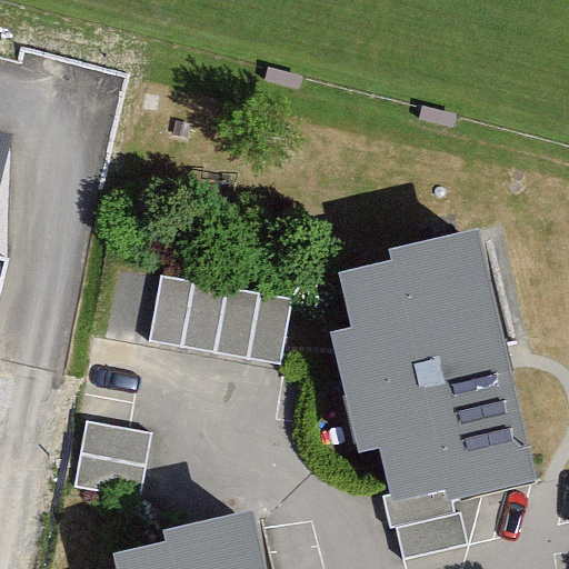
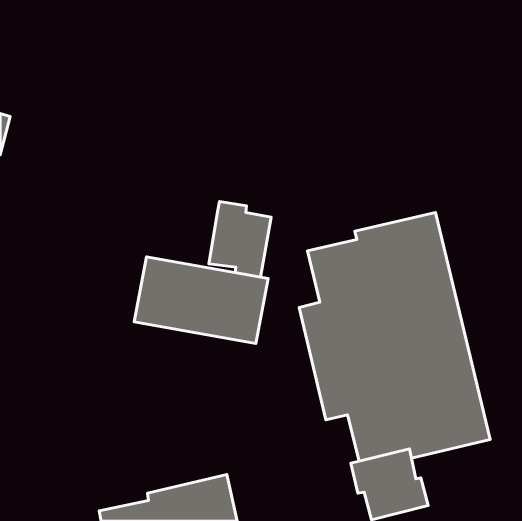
building: none -> [209,202,271,277]
building: [77,423,152,501] -> none

